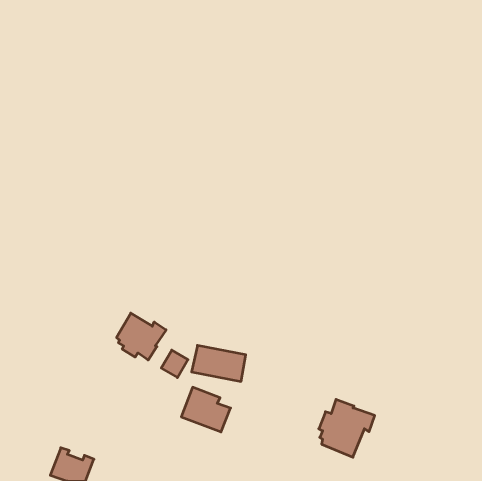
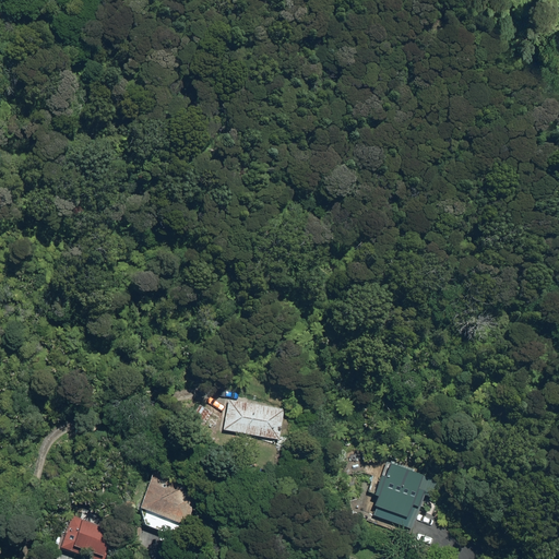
building: [117,313,166,360] -> none
building: [181,387,231,432] -> [138,477,194,528]

